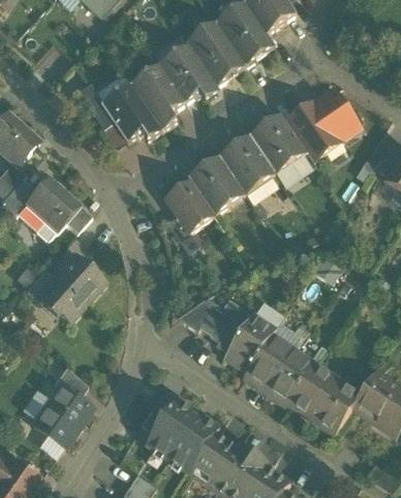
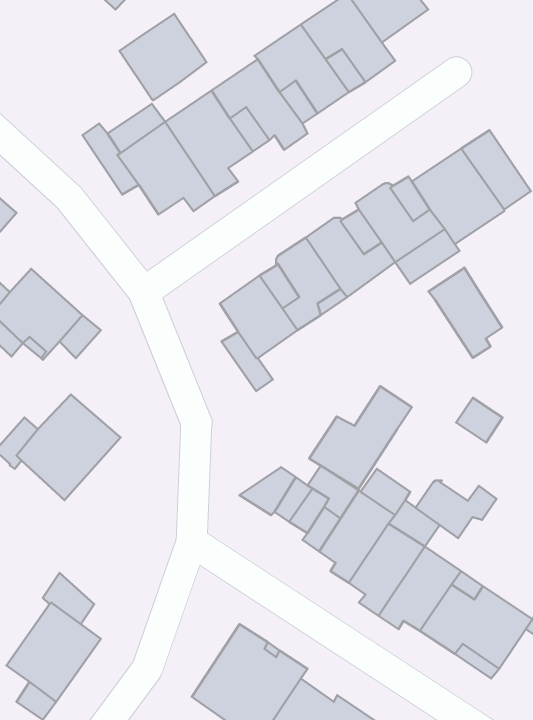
building: none -> [119,14,206,100]
building: none -> [428,268,502,358]
building: none -> [309,386,412,489]
building: none -> [416,481,497,538]

